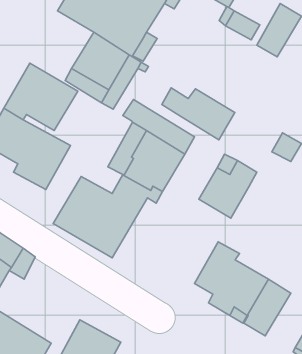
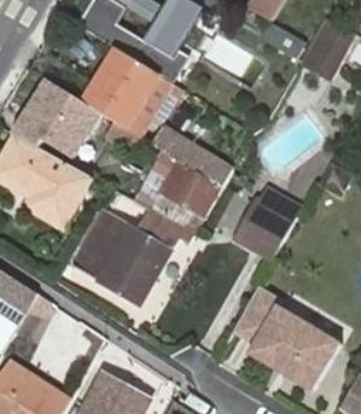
building: [162,88,235,140] -> none

